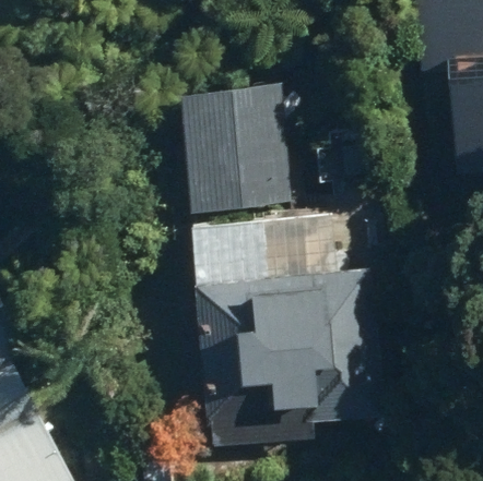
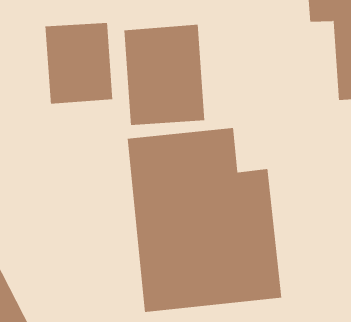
building: none -> [45,22,113,104]

